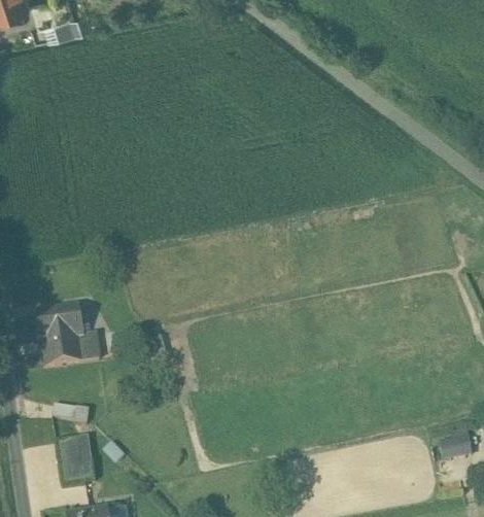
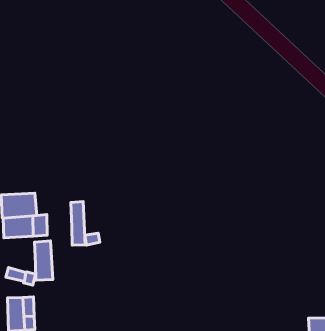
building: none -> [71,201,85,245]
building: none -> [35,241,53,280]

